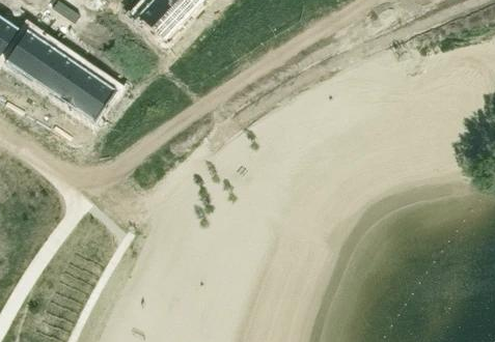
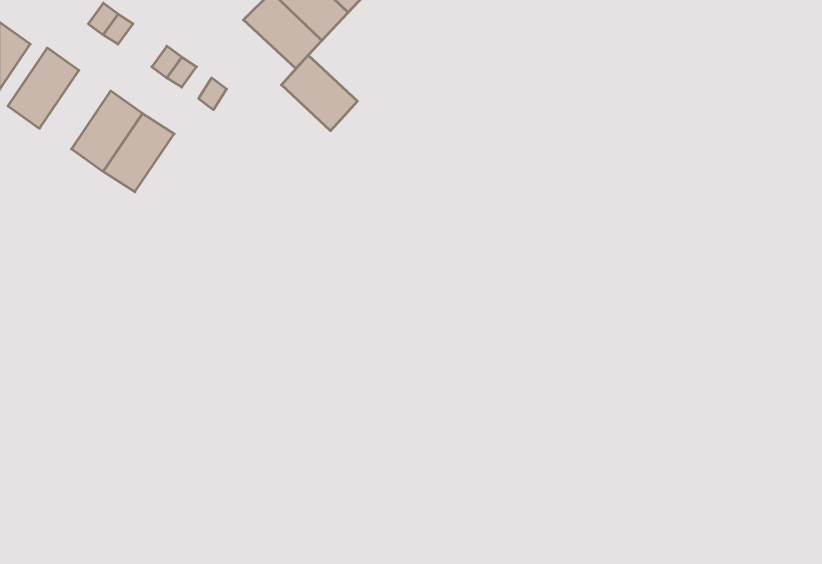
building: none -> [281,55,357,131]
building: [23,40,62,84] -> none
building: [76,76,116,120] -> none

